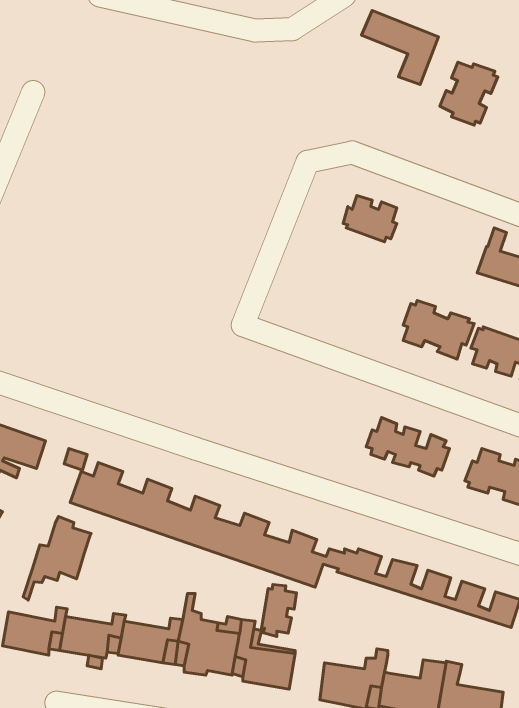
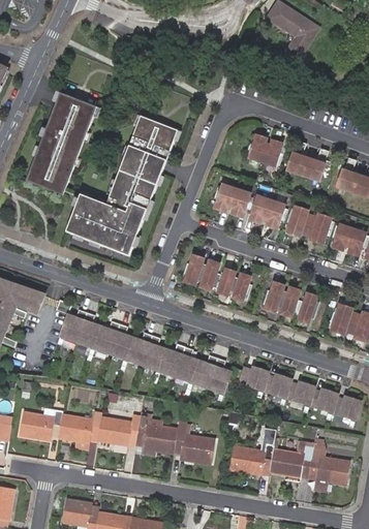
building: [440,62,498,125] -> none
building: none -> [28,93,97,191]
building: none -> [67,117,179,255]
building: none -> [286,138,327,179]
building: none -> [215,183,284,226]
building: none -> [181,253,250,300]
building: [23,516,91,600] -> none
building: [262,584,297,636] -> none

